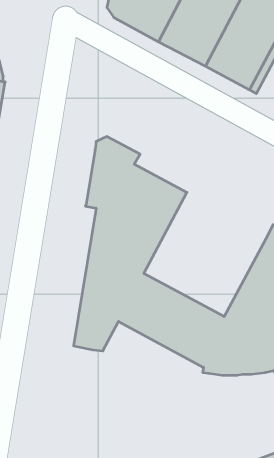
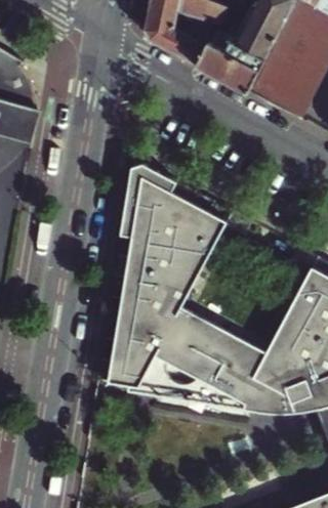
building: none -> [128,358,245,412]

